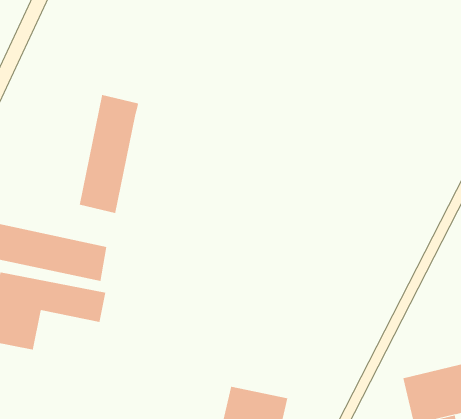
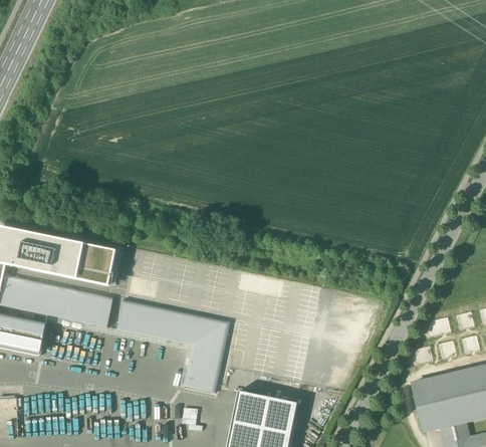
building: [79,94,138,214] -> none
building: none -> [116,298,230,392]

